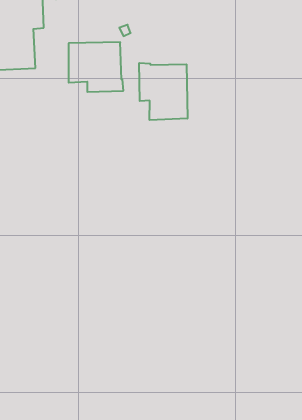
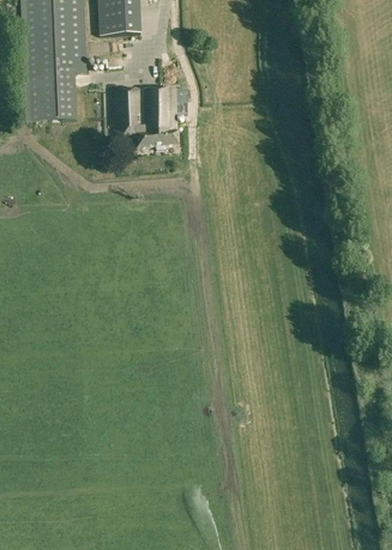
building: [139,63,187,120] -> none

